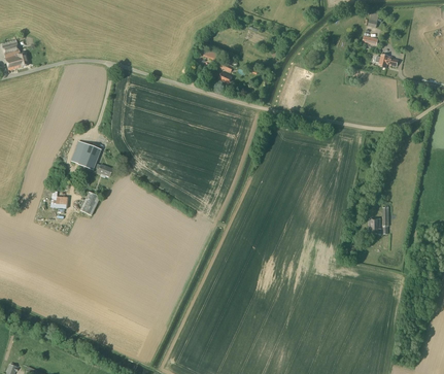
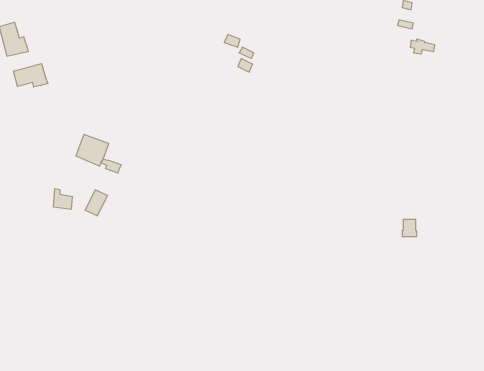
building: none -> [14,64,48,87]

